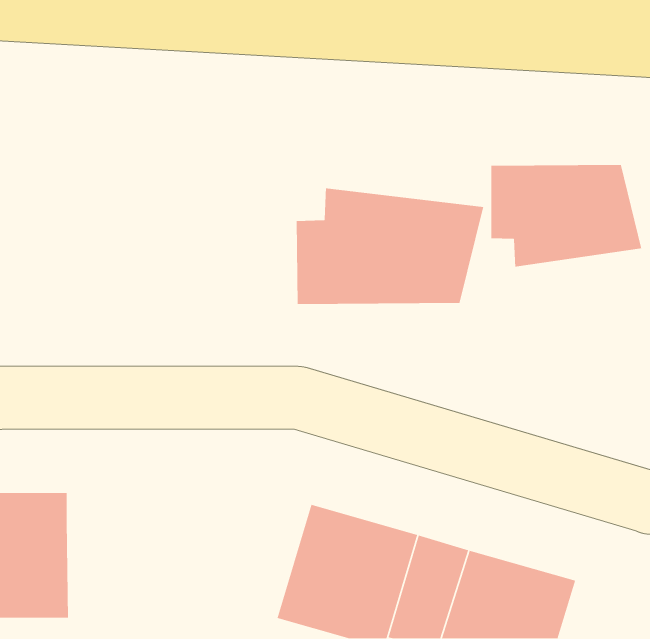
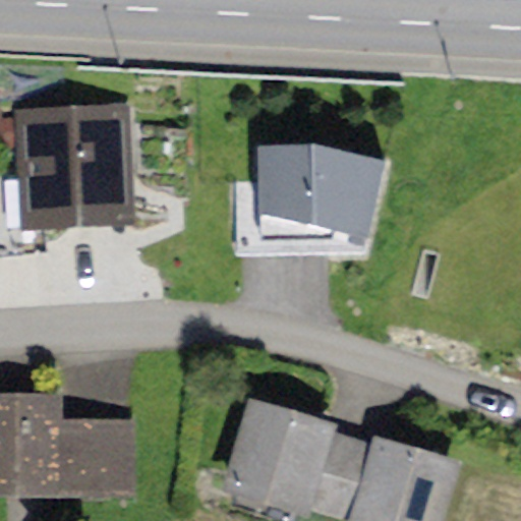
building: none -> [19,109,133,231]
building: [490,164,642,268] -> none
building: none -> [54,415,131,494]

